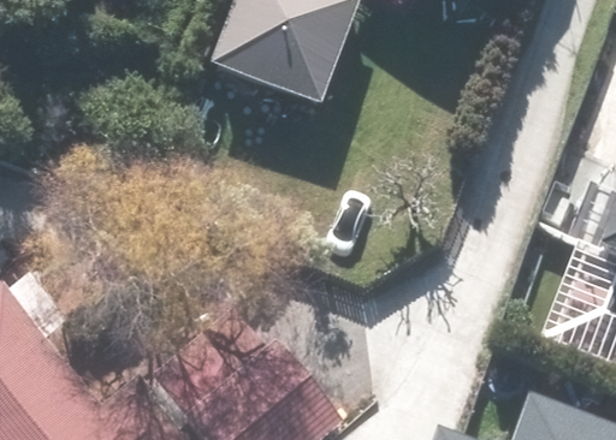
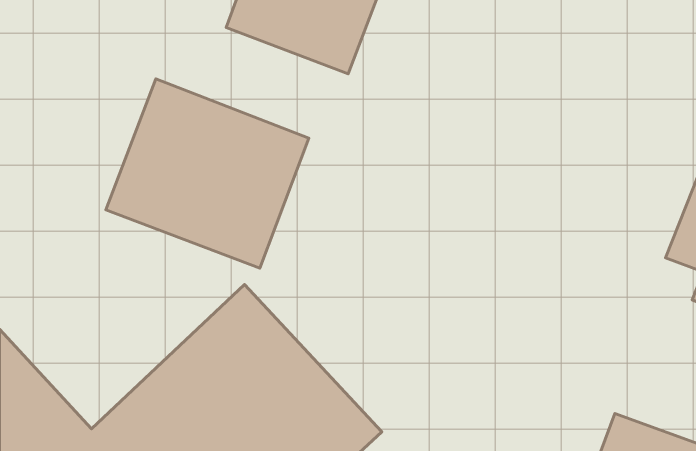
building: none -> [106,79,309,268]

